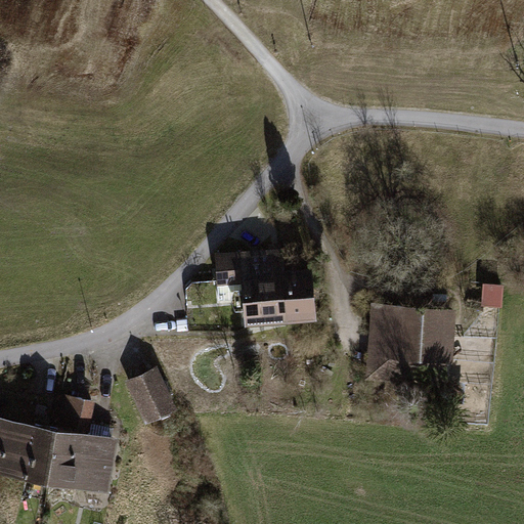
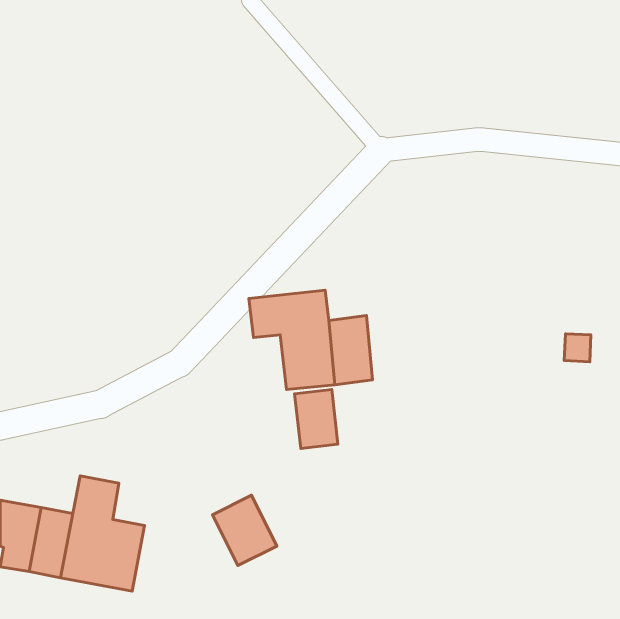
building: [362,301,454,377] -> none
building: none -> [295,390,338,449]
building: [123,362,177,422] -> [213,495,277,566]

